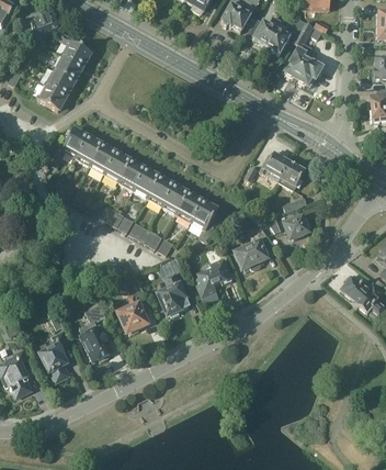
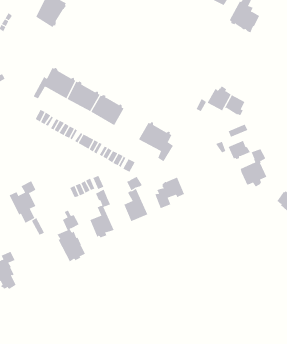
building: [37,67,75,110] -> none
building: [148,177,189,214] -> none
building: [235,223,268,269] -> [240,149,267,187]
building: [37,329,70,381] -> [9,181,36,224]

